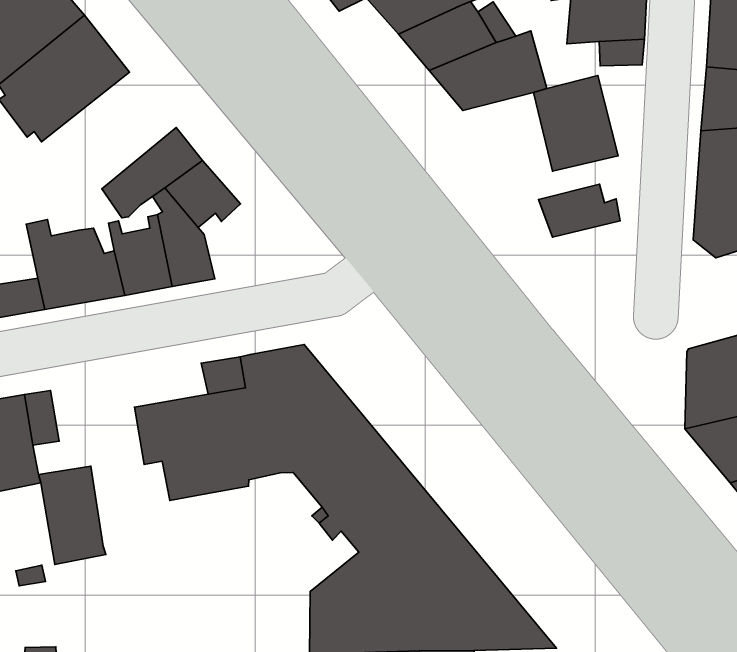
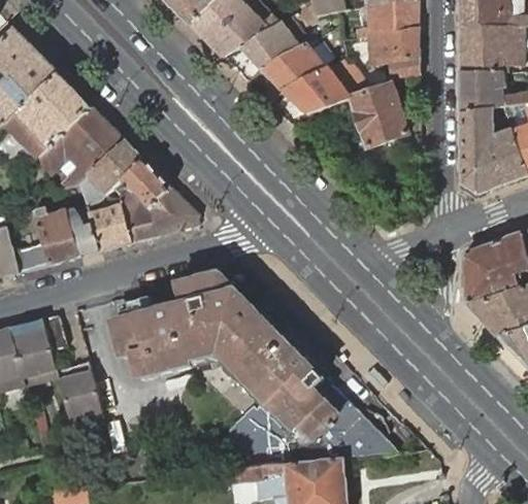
building: none -> [36,106,124,186]
building: [539,184,620,237] -> none
building: none -> [143,184,198,234]

